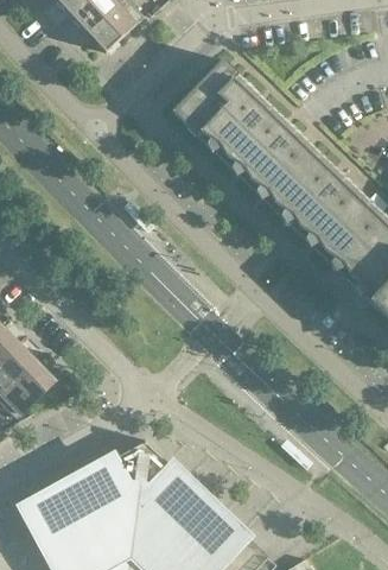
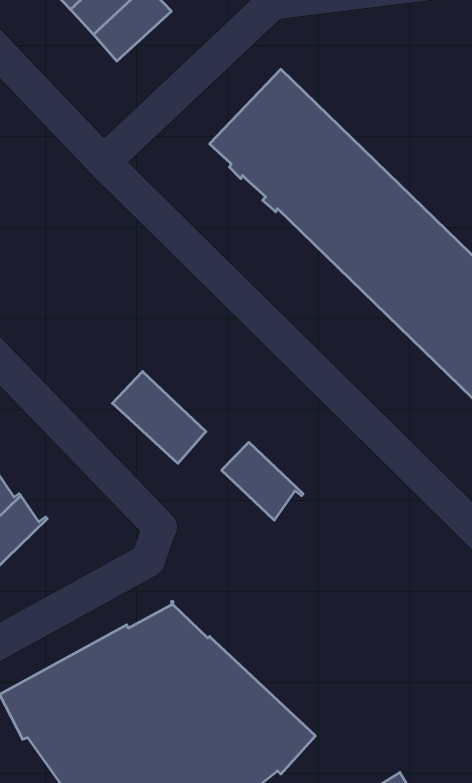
building: none -> [112,371,206,463]
building: none -> [222,442,303,520]

